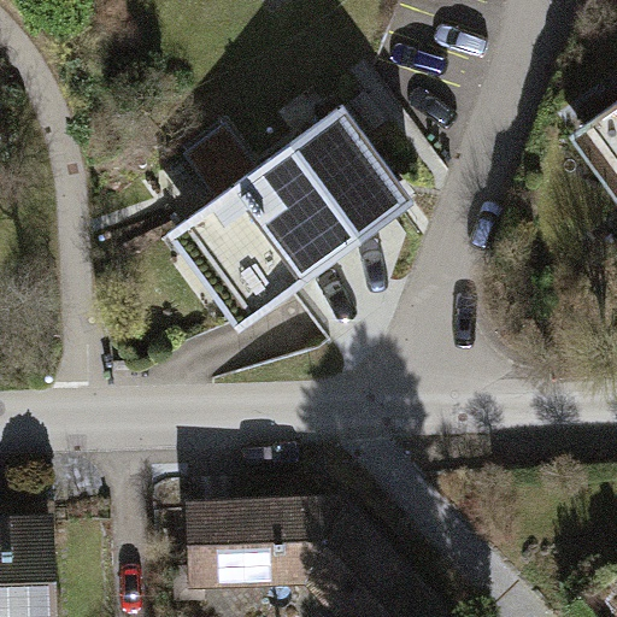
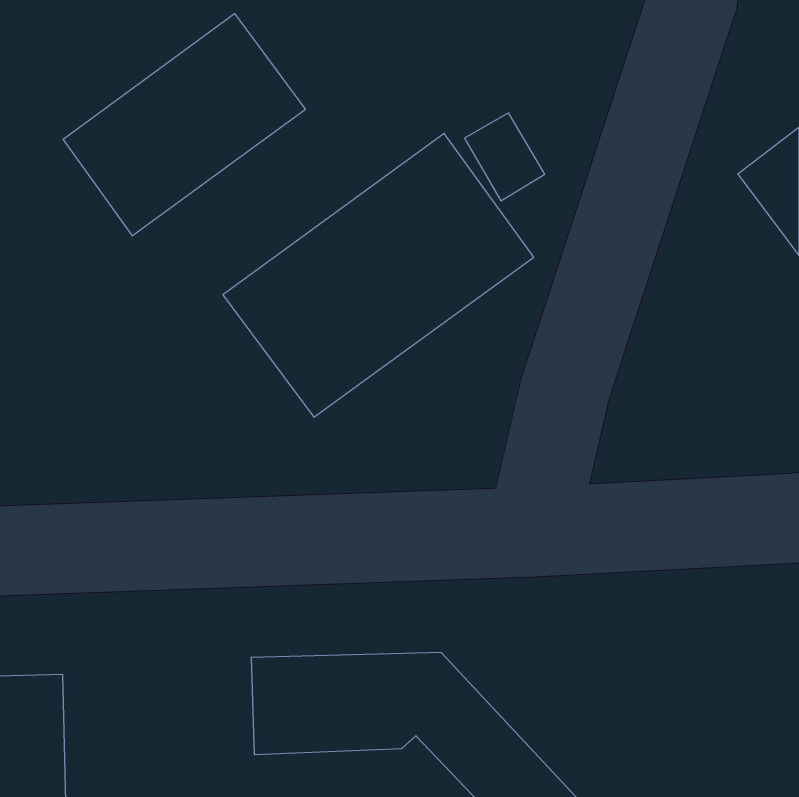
building: none -> [63,14,305,236]

